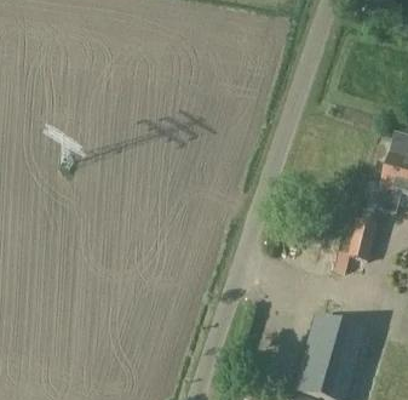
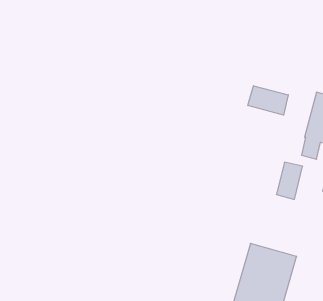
building: none -> [248,86,288,115]

